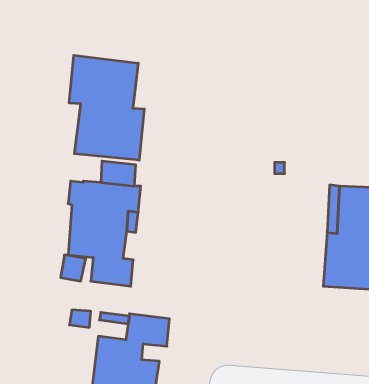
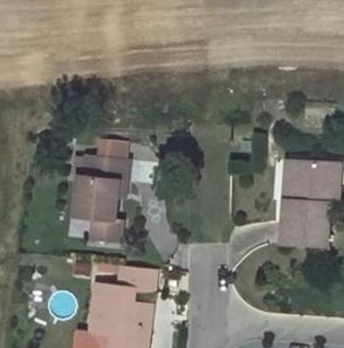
building: [69,55,144,160] -> none

